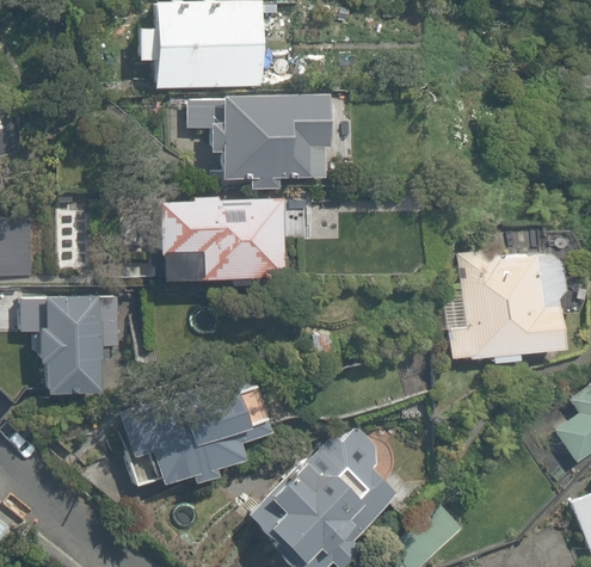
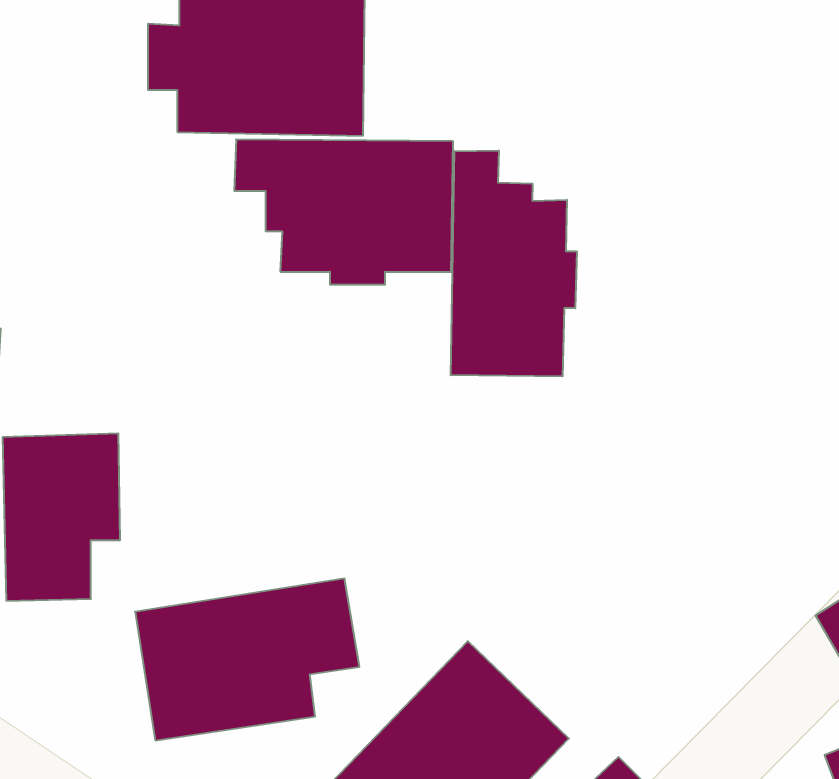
building: none -> [451,150,577,376]
building: [147,193,289,282] -> none
building: [458,234,561,360] -> none

